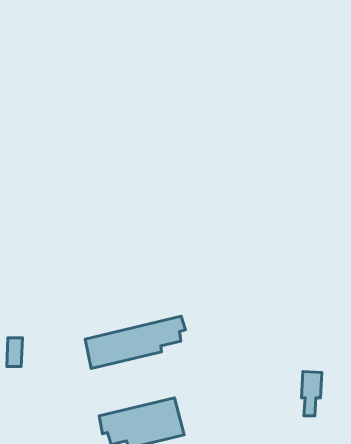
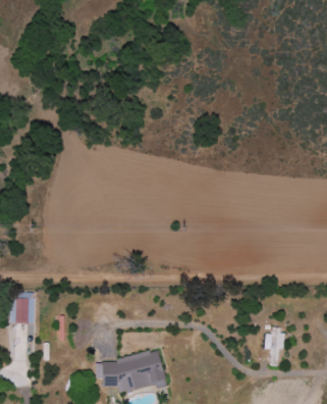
building: [85,316,185,369] -> none

